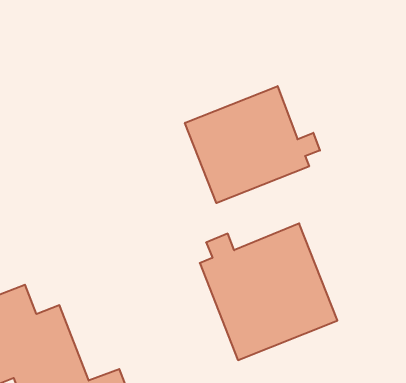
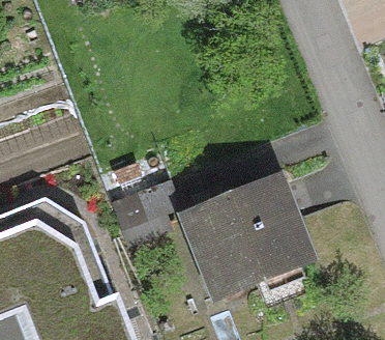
building: [185,86,320,203] -> none

